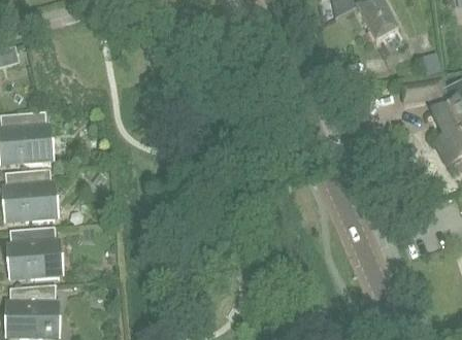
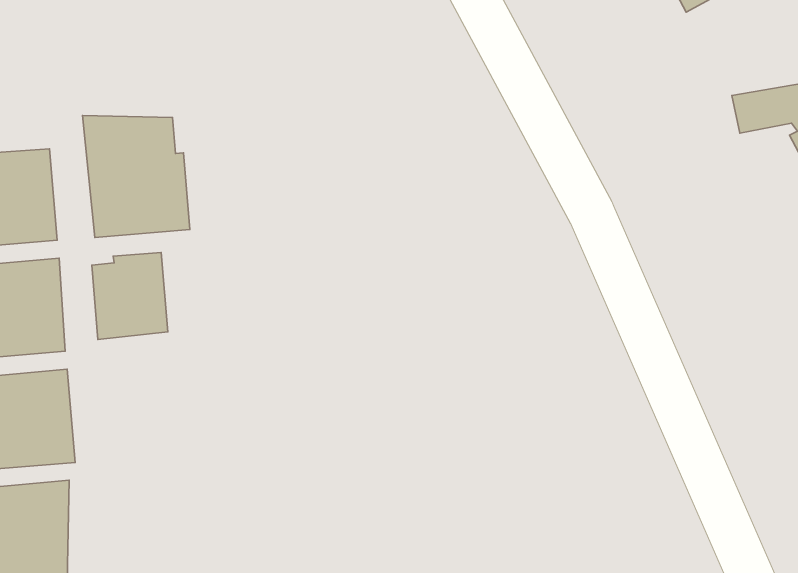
building: none -> [83,115,190,237]
building: none -> [92,253,168,339]

